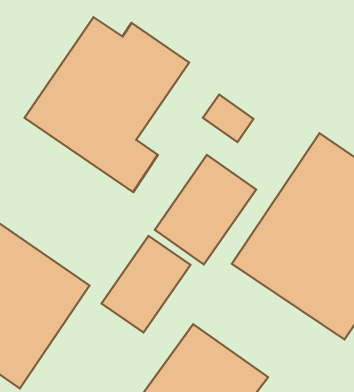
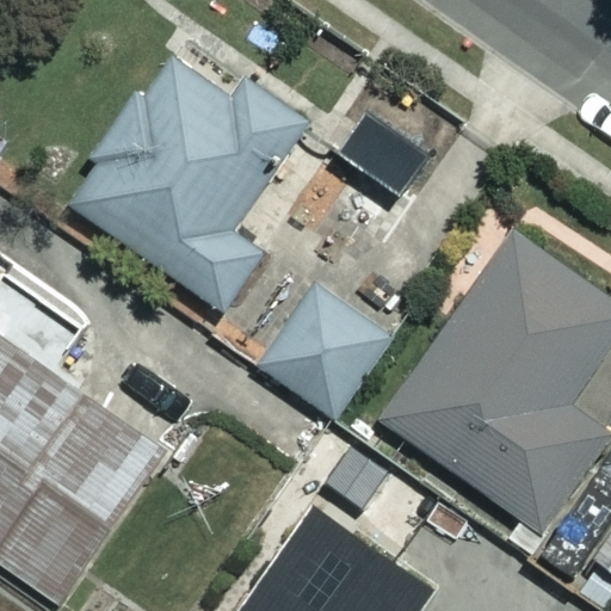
building: [101,236,190,332] -> none

